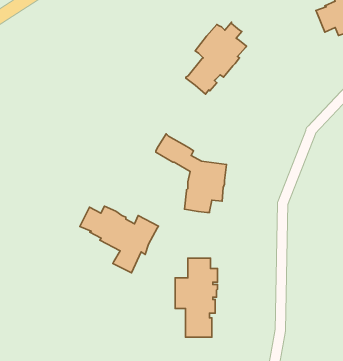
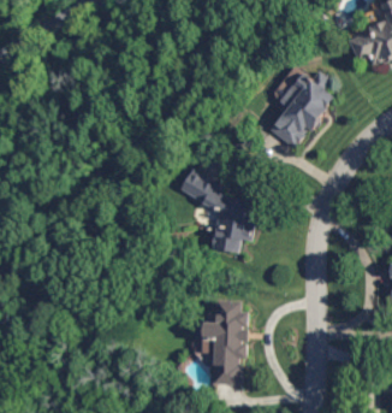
building: [186,22,247,94] -> [272,71,335,147]
building: [80,206,158,273] -> none

